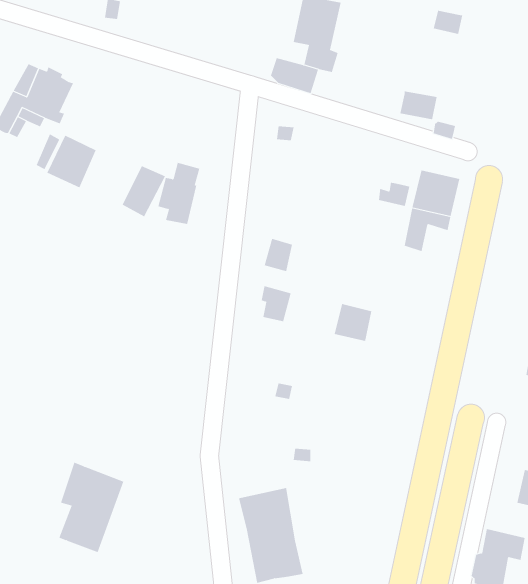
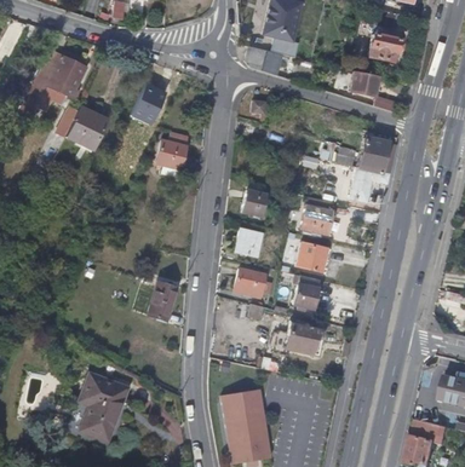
building: none -> [366,33,397,58]
building: [122,165,166,217] -> [131,83,166,125]
building: none -> [300,207,335,236]
building: none -> [234,269,265,298]
building: none -> [293,275,321,310]
building: none -> [147,284,174,323]
building: none -> [285,322,322,354]

